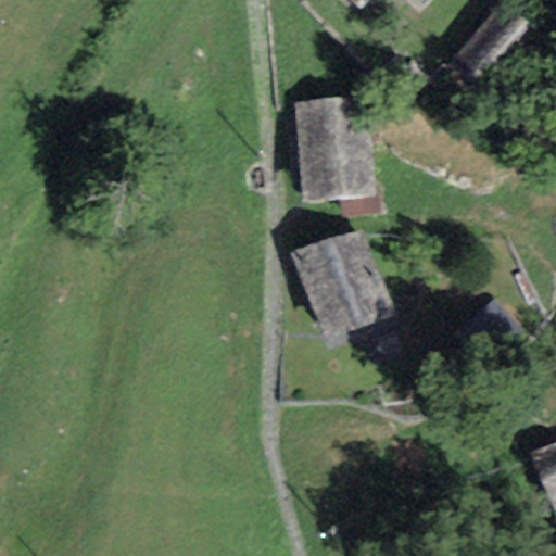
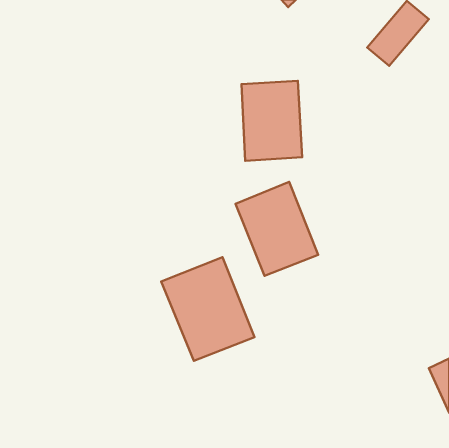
building: none -> [161,257,254,361]

